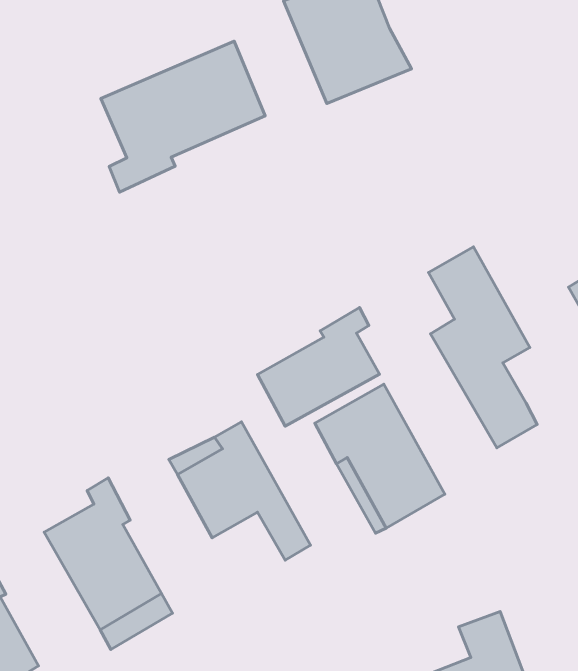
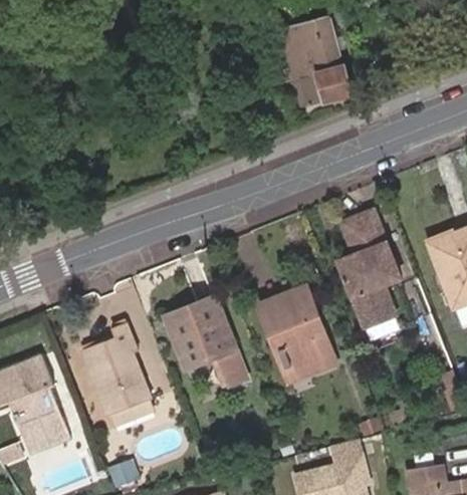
building: [101,41,265,192] -> none
building: [257,308,379,426] -> none

